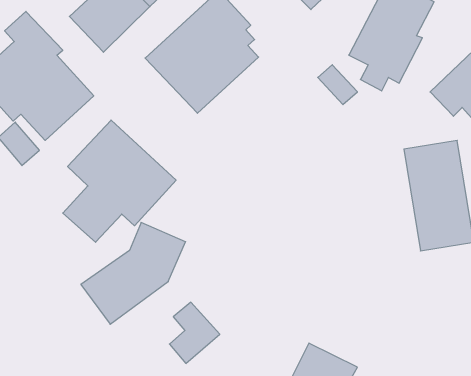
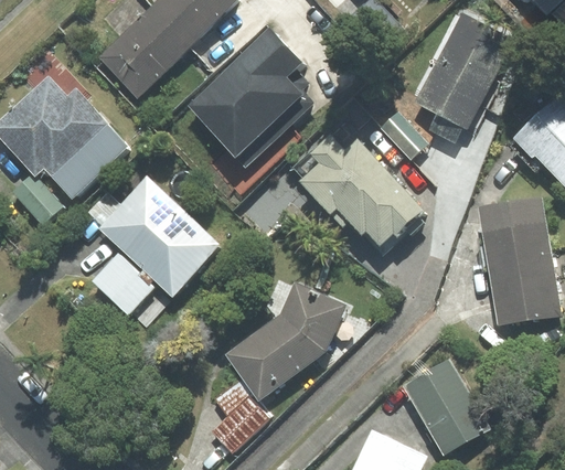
building: none -> [301,136,420,246]
building: [81,222,186,324] -> [225,284,344,399]
building: none -> [403,360,488,455]

